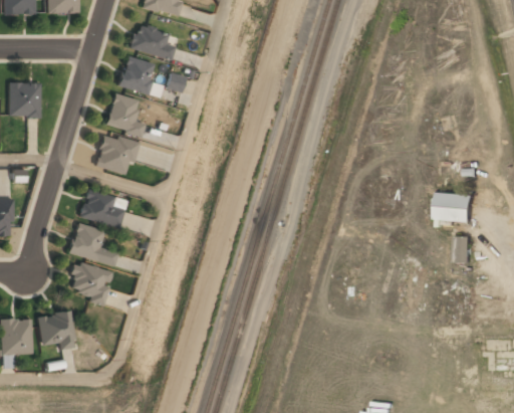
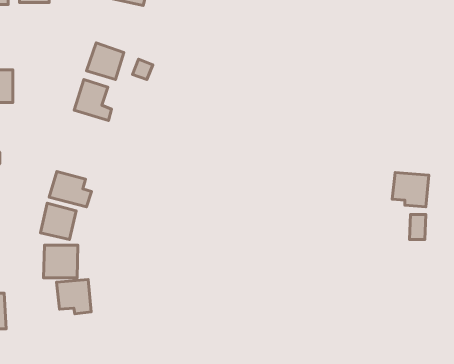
building: [130,24,176,59] -> none
building: [94,134,138,176] -> none
building: [38,313,74,349] -> [57,279,91,314]

